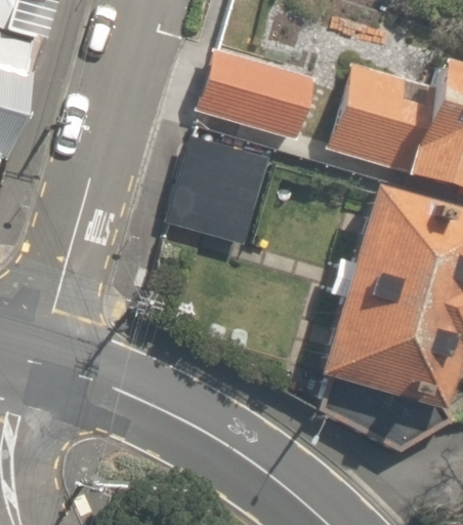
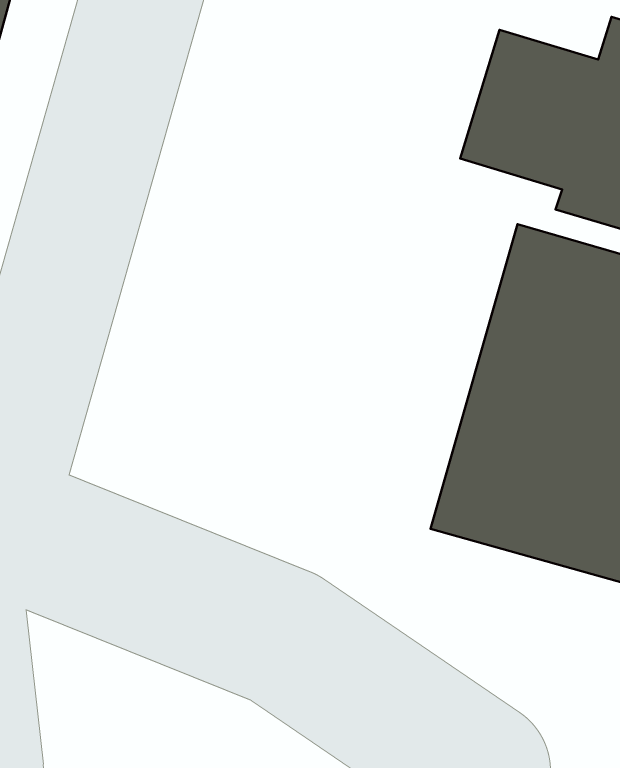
building: [198,52,313,139] -> none
building: [168,124,267,242] -> none

